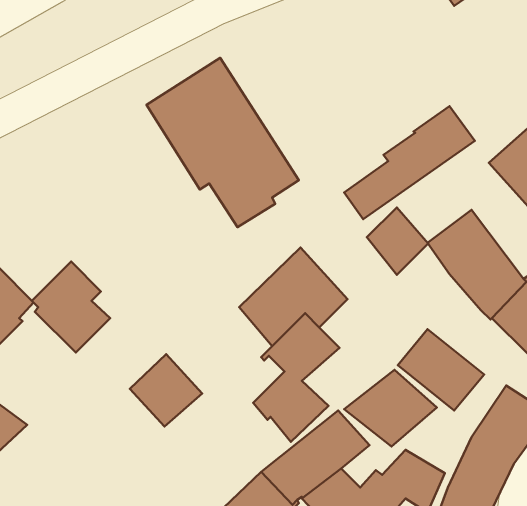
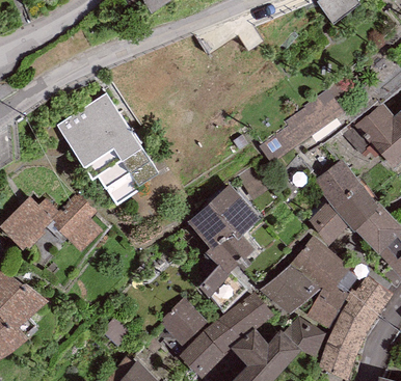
building: [146,58,299,227] -> [56,92,157,205]
building: [367,207,428,275] -> [308,200,348,245]
building: [130,354,202,426] -> [159,297,207,345]
building: none -> [306,285,348,328]

